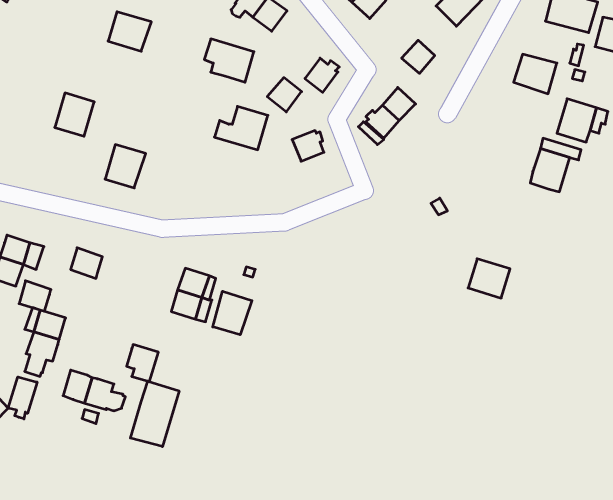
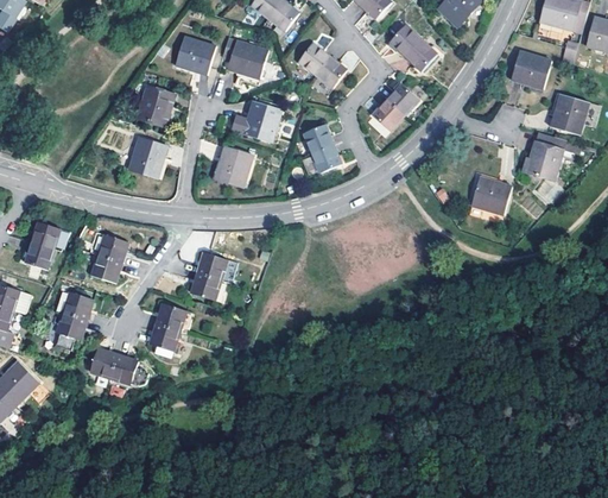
building: [108,12,151,51] -> [176,37,216,74]
building: none -> [390,25,422,56]
building: [267,78,302,112] -> [298,43,330,75]
building: [55,93,94,136] -> [138,86,175,126]
building: none -> [312,144,344,172]
building: none -> [215,146,253,187]
building: [468,259,510,298] -> [471,177,511,214]
building: [19,281,51,311] -> [91,253,121,282]
building: [213,291,252,335] -> none
building: none -> [156,302,185,330]
building: [8,377,37,419] -> none
building: [130,381,179,447] -> none

